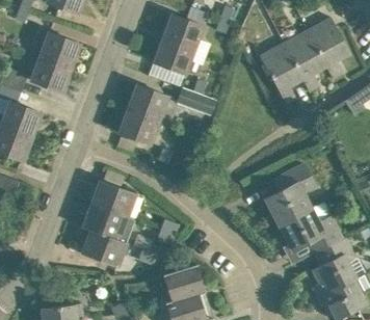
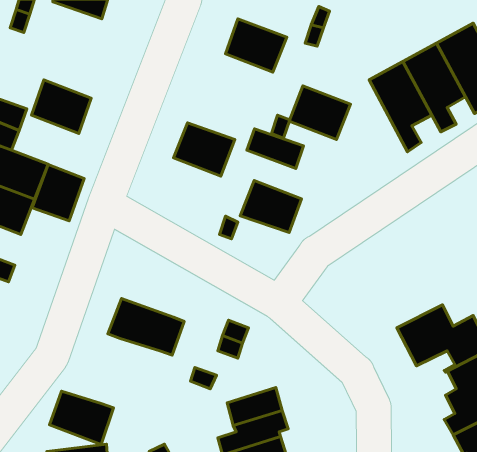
building: [38,33,80,69] -> none
building: [153,38,194,75] -> [289,86,350,139]
building: [117,109,159,144] -> [240,181,301,233]
building: none -> [32,164,84,221]
building: [266,164,315,224] -> none
building: [91,181,135,217] -> none
building: [82,232,126,268] -> [49,391,114,445]

